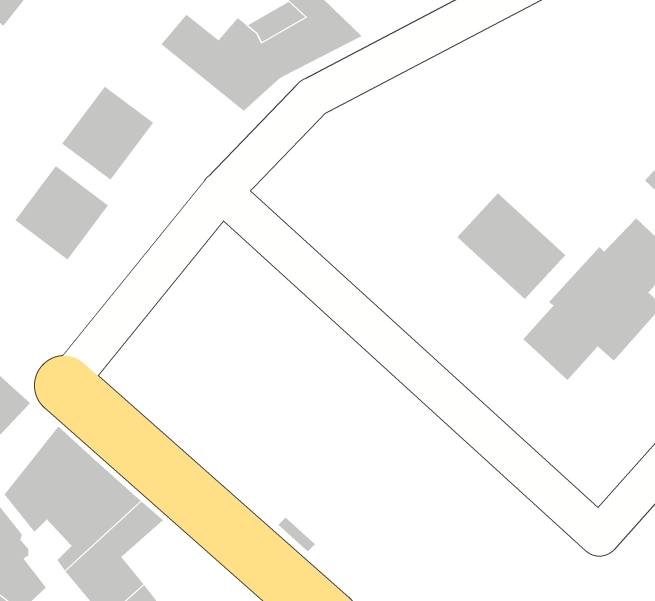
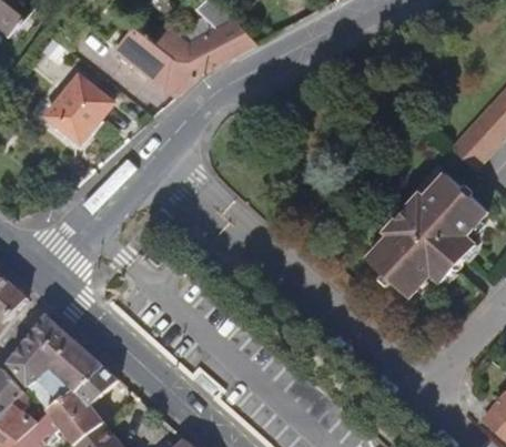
building: [14,165,109,261] -> none
building: [456,193,566,300] -> none

